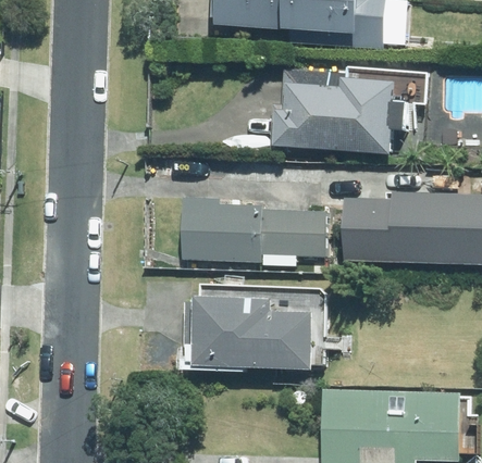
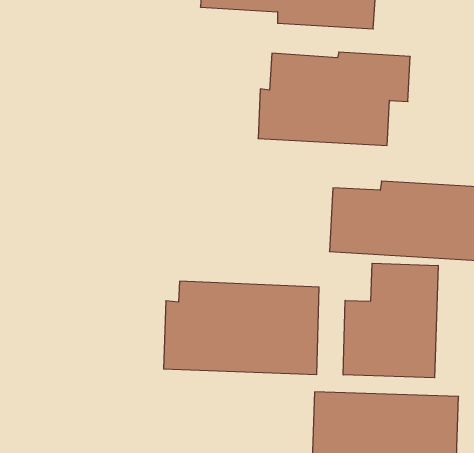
building: [181,199,325,261] -> none
building: none -> [343,263,438,378]

